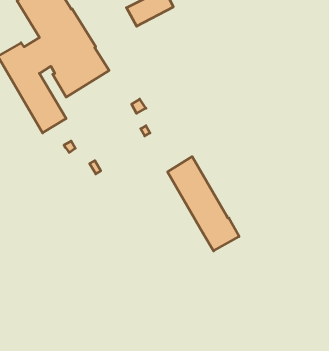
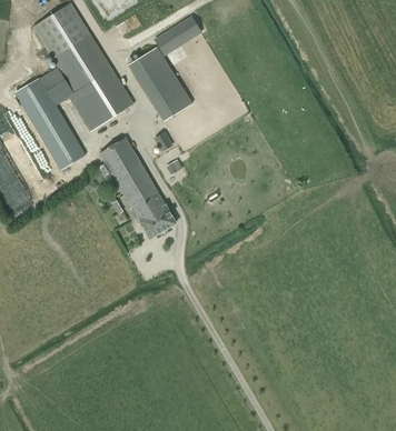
building: none -> [127,47,191,121]
building: [168,157,239,251] -> [99,137,177,239]

